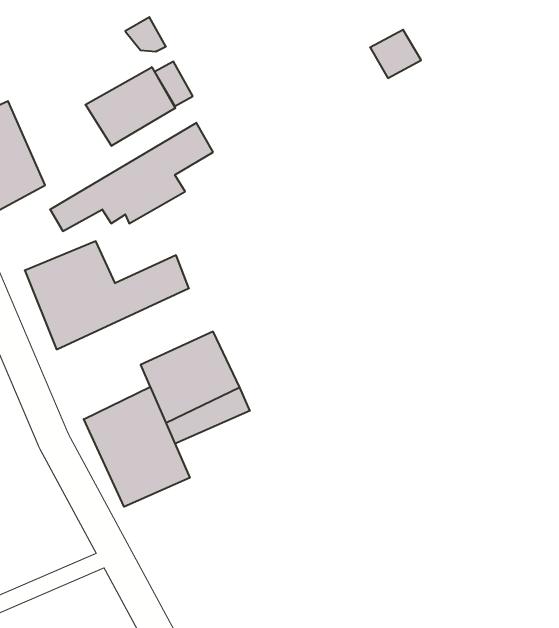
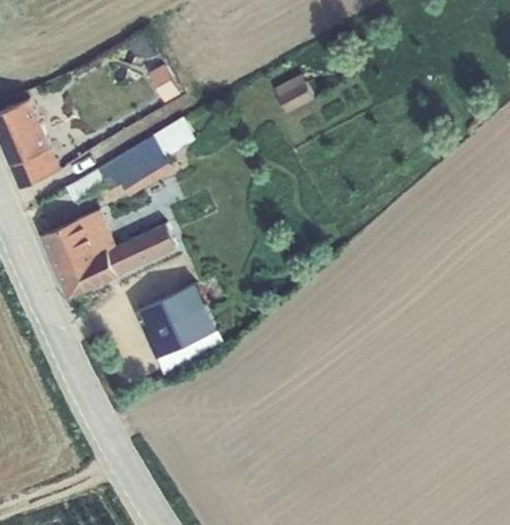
building: [370,30,421,78] -> [273,75,314,114]
building: [85,67,175,146] -> none
building: [84,387,190,507] -> none

